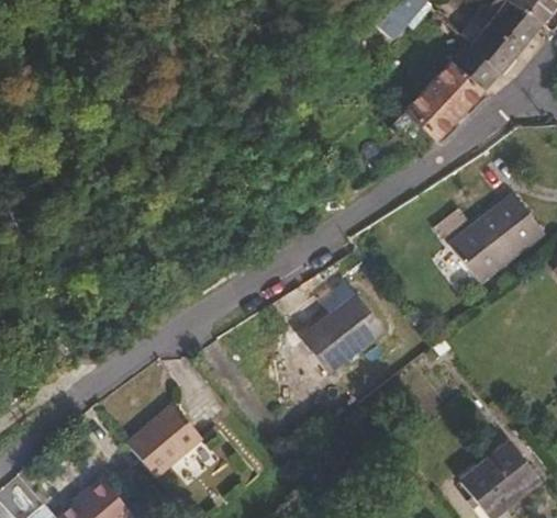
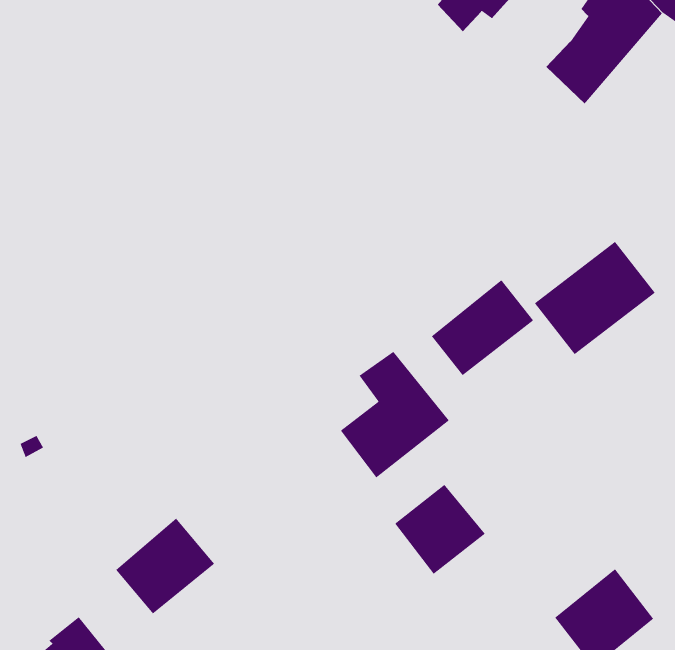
building: [393,61,486,153] -> none
building: none -> [431,279,534,376]
building: none -> [394,484,486,575]

